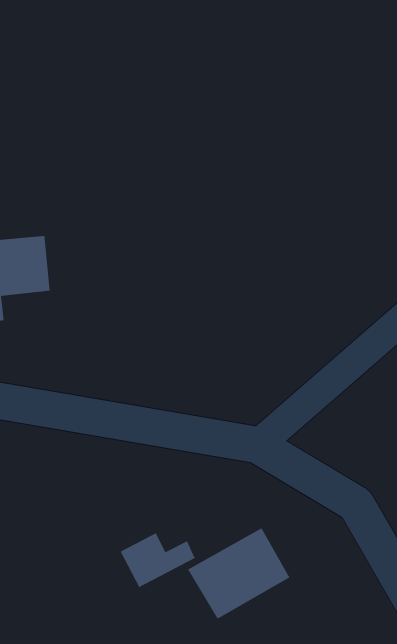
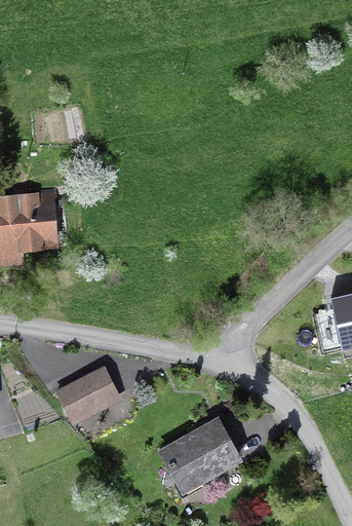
building: [120,532,196,588] -> [57,378,115,420]

